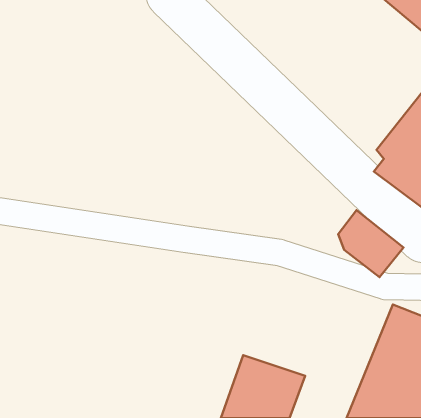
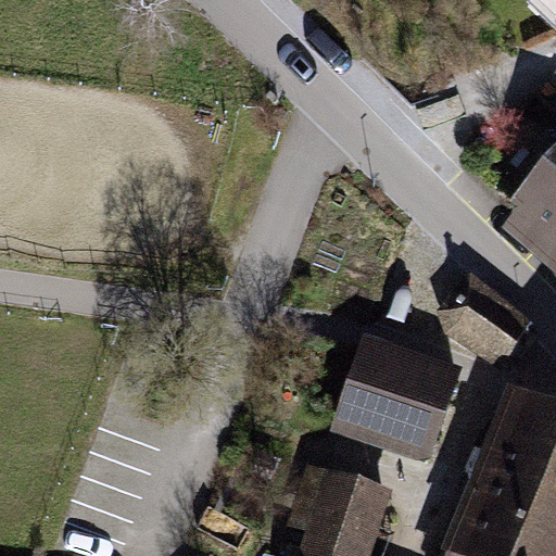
building: none -> [344,345,457,457]

